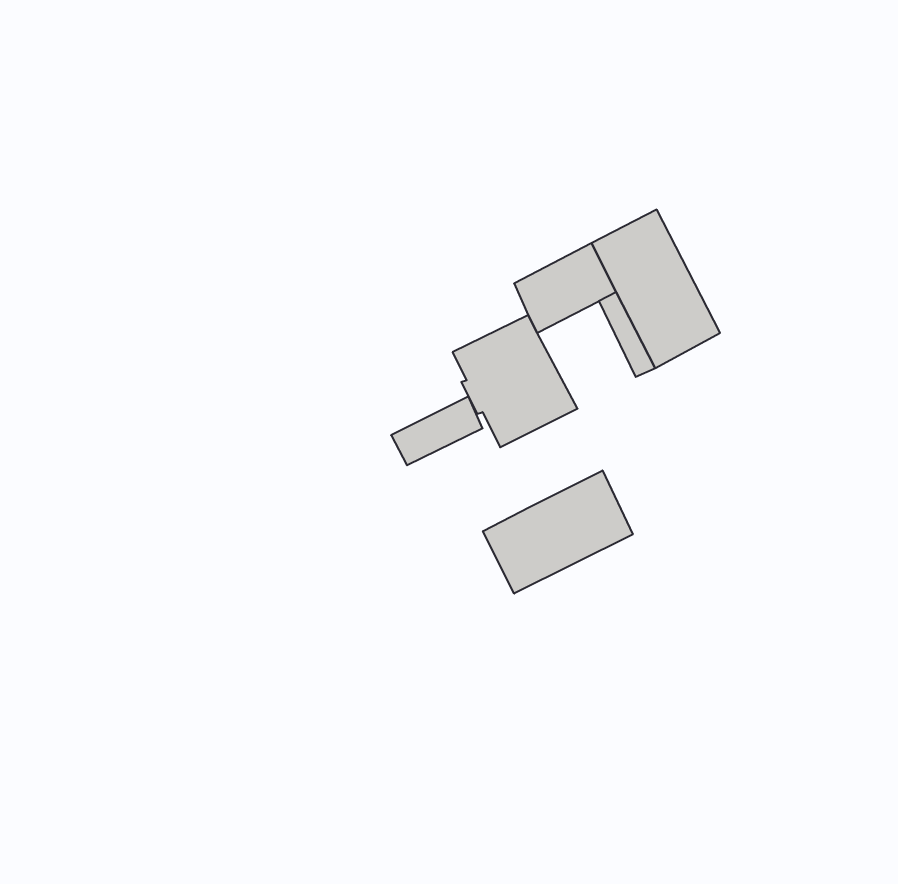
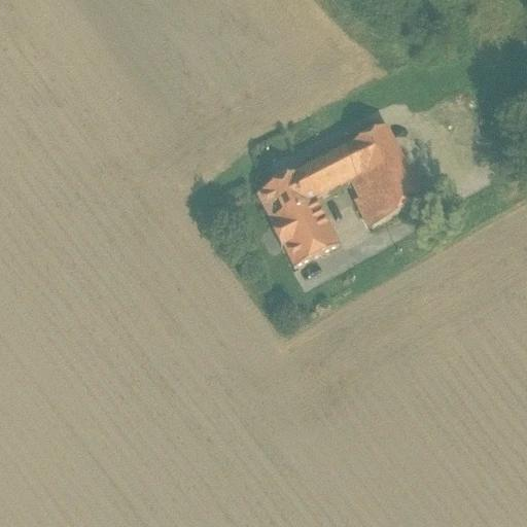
building: [391,397,483,465] -> [255,166,309,206]
building: [483,470,633,594] -> none

